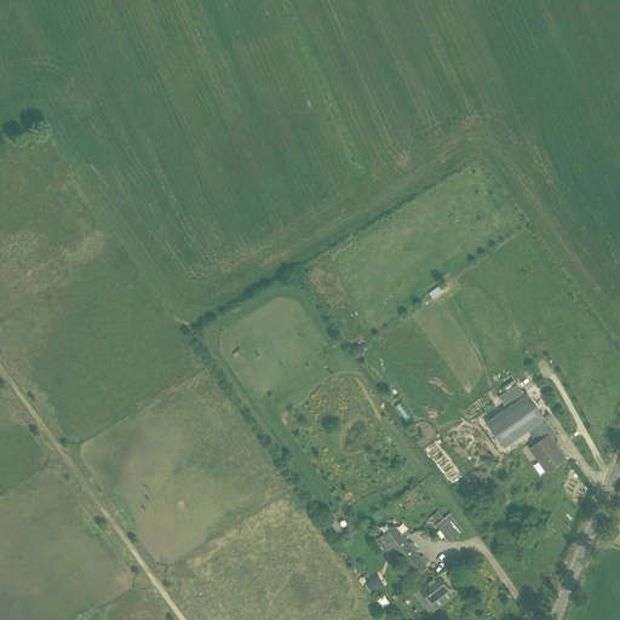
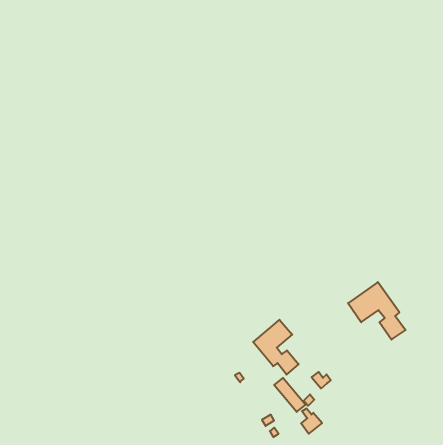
building: none -> [253,320,299,375]

